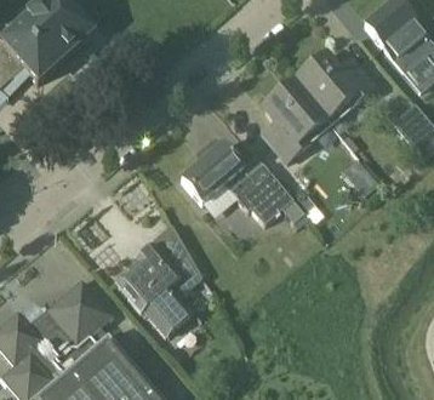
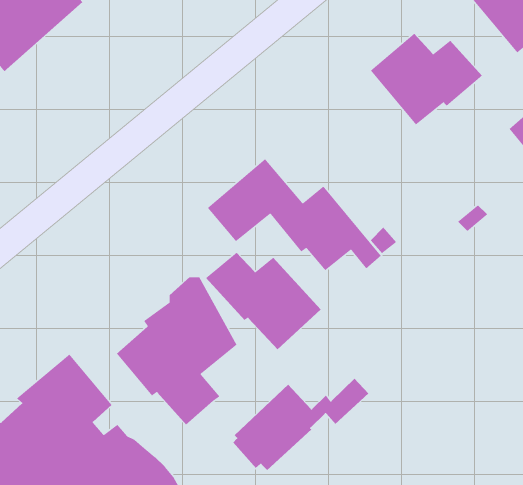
building: [262,81,327,161] -> none
building: none -> [205,252,322,350]
building: none -> [233,378,369,471]

